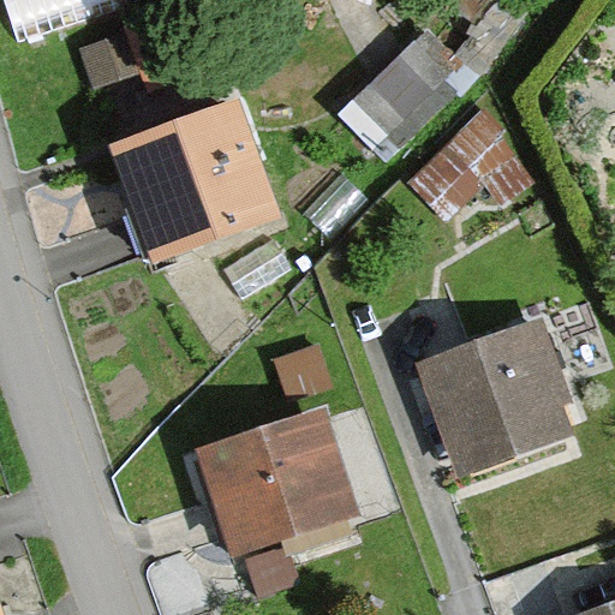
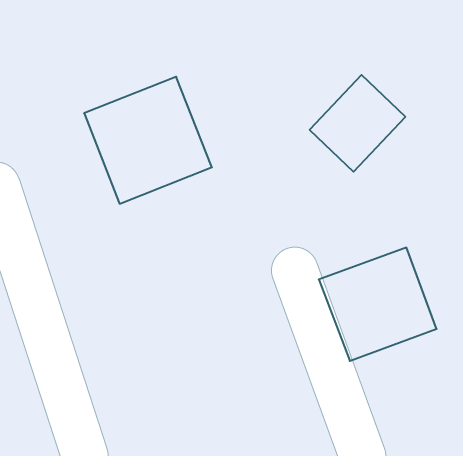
building: [341,22,462,143] -> none
building: [203,413,354,554] -> none

